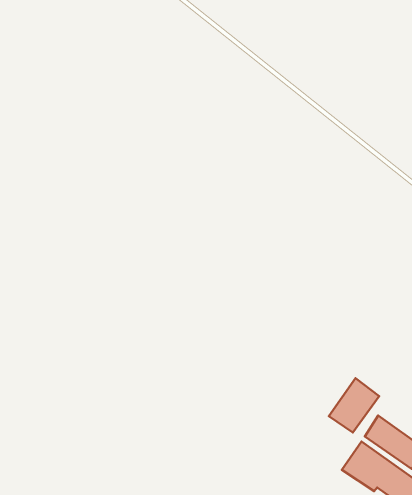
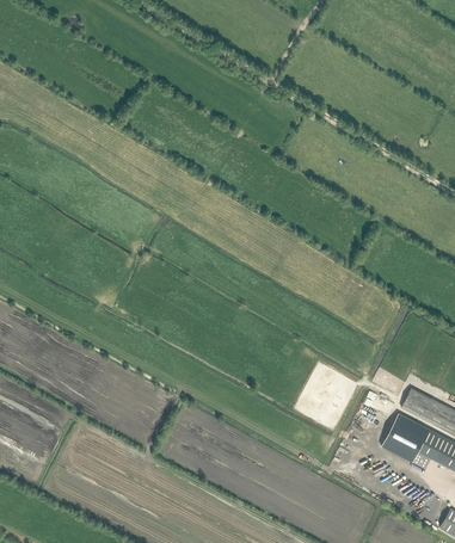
building: [329,378,379,432] -> none

